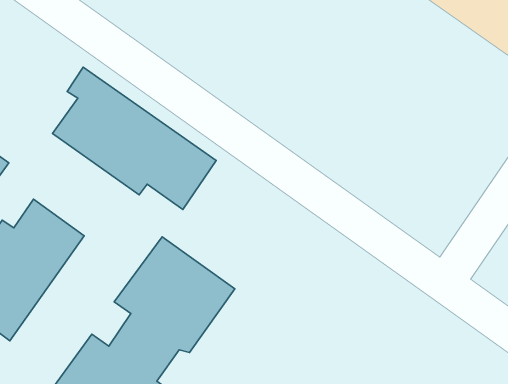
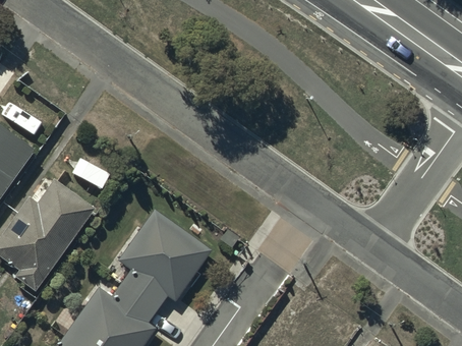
building: [52,67,216,210] -> none

